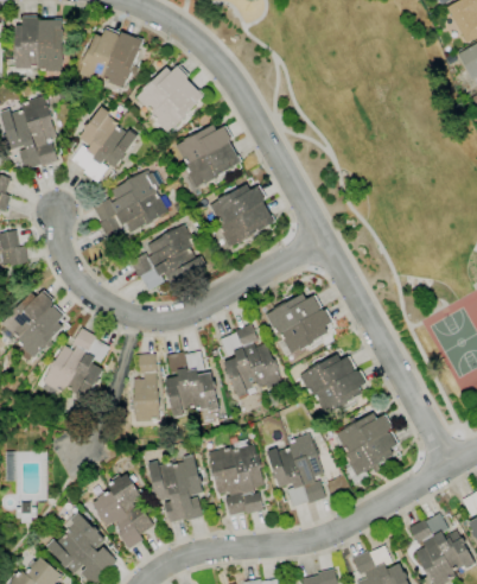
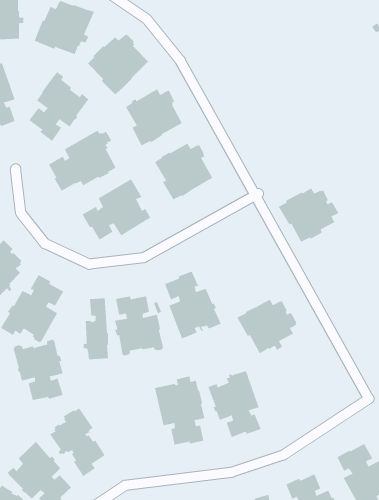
building: [265,293,331,354] -> [278,187,339,243]
building: [335,413,398,484] -> none
building: [148,455,204,522] -> [13,339,64,401]

